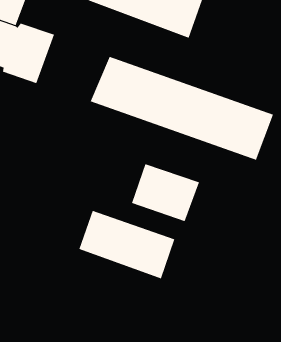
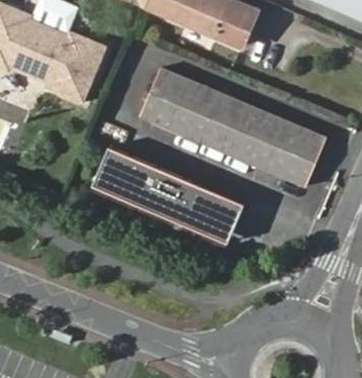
building: [79,210,175,279] -> [91,143,189,216]

